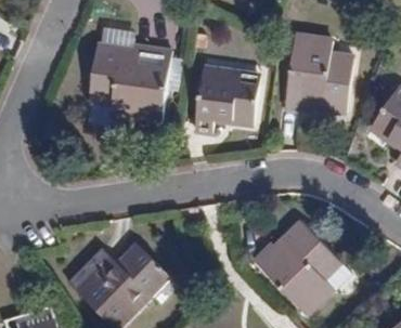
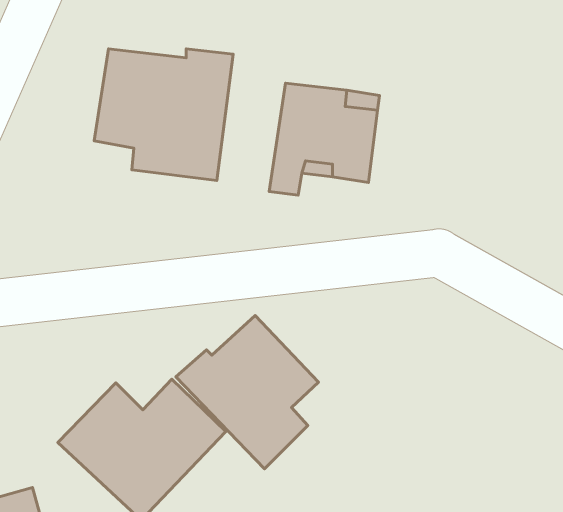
building: [286,35,354,111] -> none
building: [255,222,340,314] -> [176,315,319,469]

